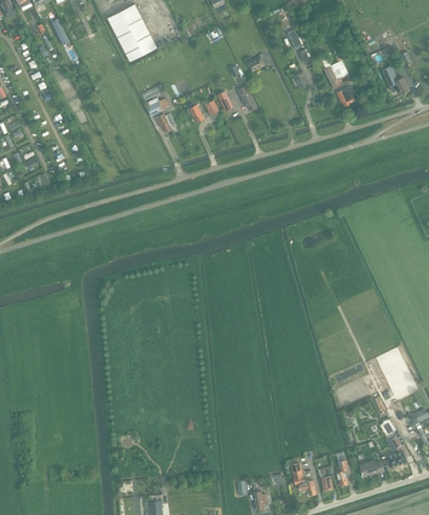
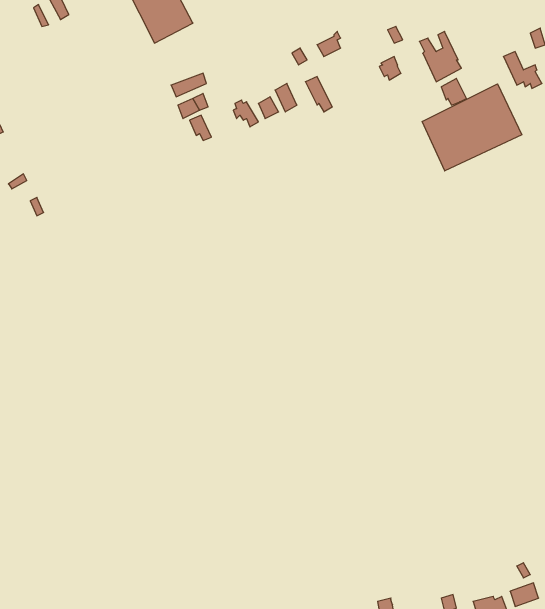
building: none -> [422,84,522,171]

